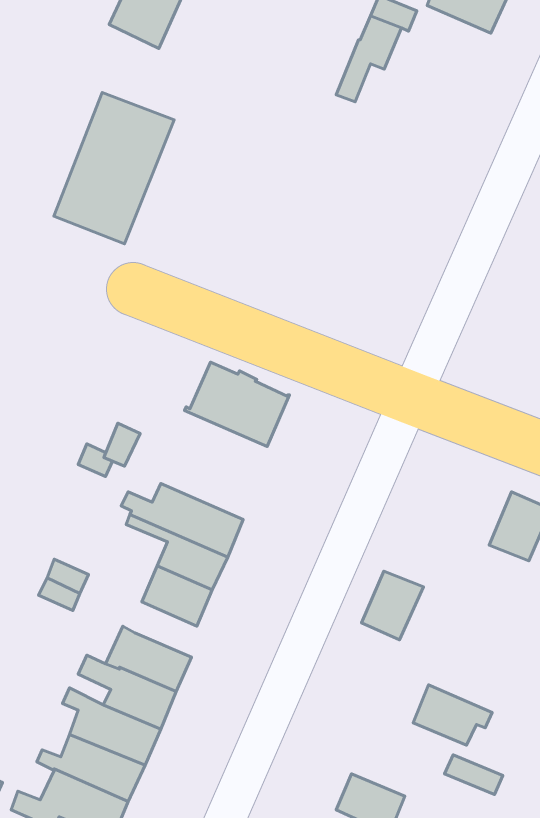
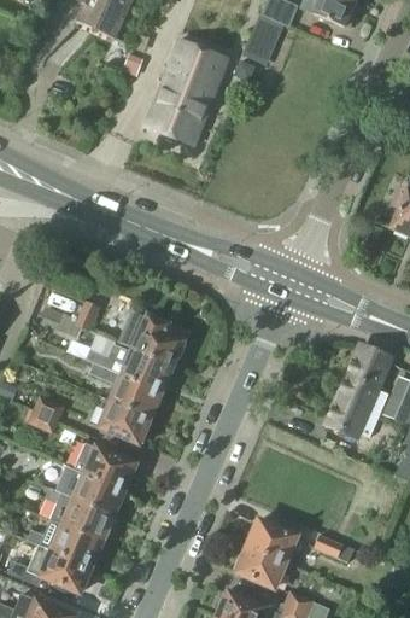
building: [54,92,174,244] -> [145,39,229,145]
building: [185,362,289,447] -> [113,309,187,368]
building: [362,571,424,640] -> [328,386,371,435]
building: [413,685,492,745] -> [247,520,303,562]

